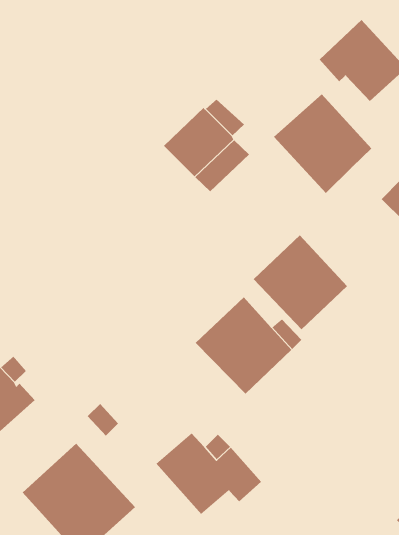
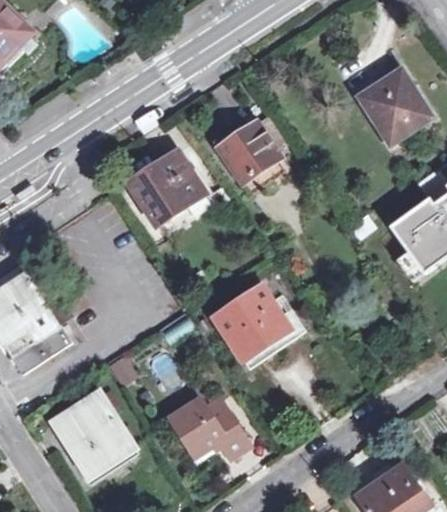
building: [273,94,372,194] -> none
building: none -> [127,153,203,227]
building: [253,234,348,330] -> none

